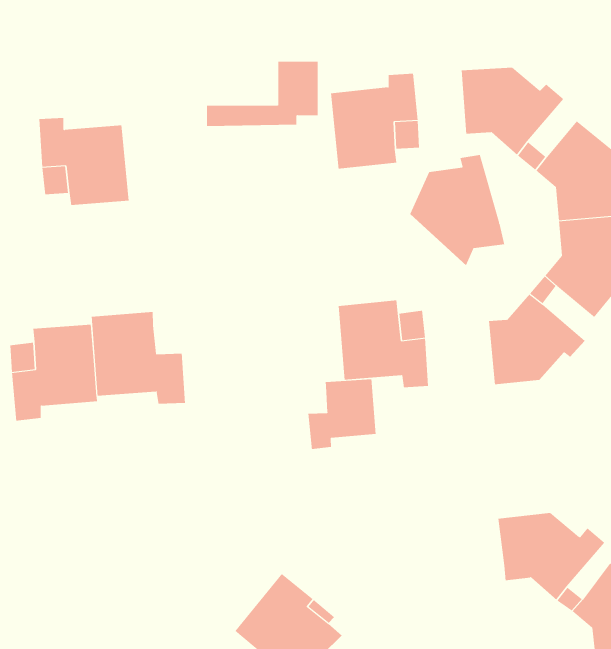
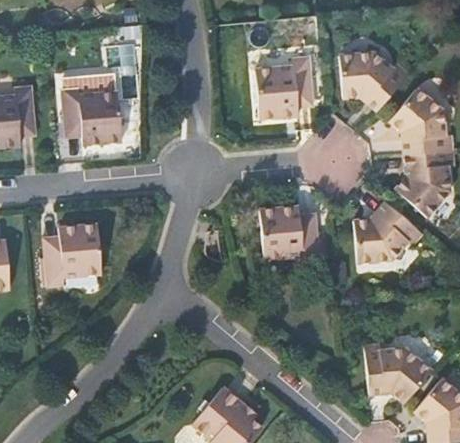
building: [206,61,318,126] -> [63,42,137,85]
building: [410,154,505,266] -> none
building: [91,311,185,405] -> none
building: [308,379,376,450] -> none

